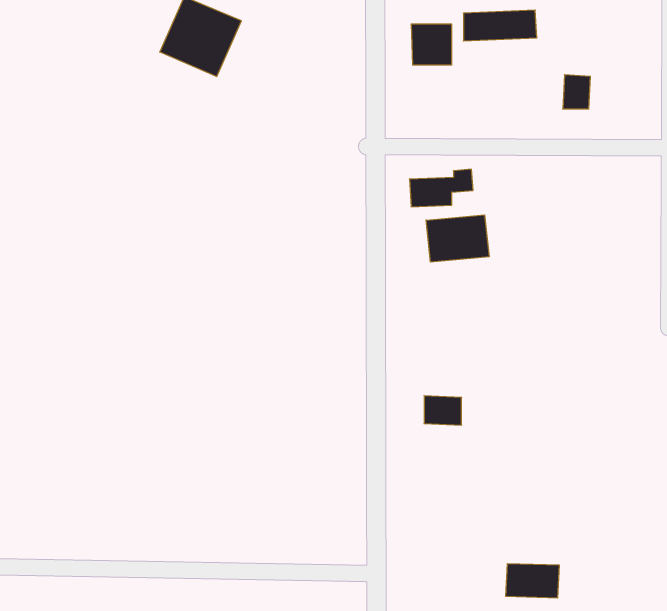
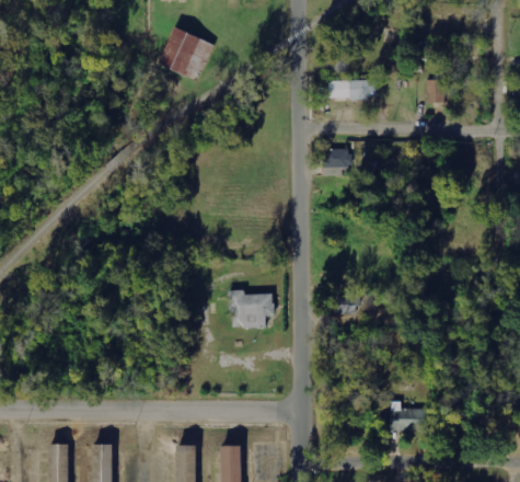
building: [463,10,537,41] -> [330,79,379,100]
building: [426,215,489,262] -> none
building: none -> [229,289,275,328]

